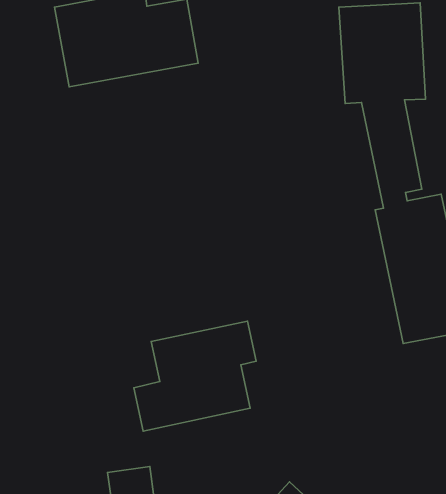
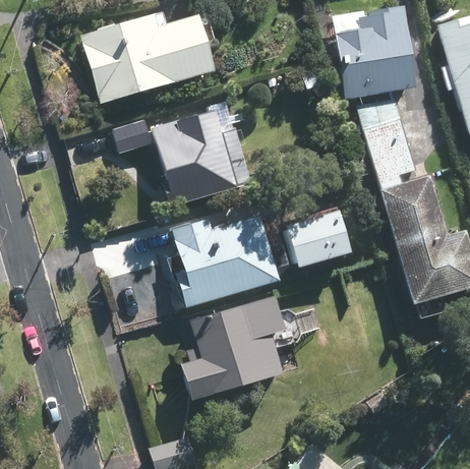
building: none -> [81,94,253,207]
building: none -> [170,211,349,308]

